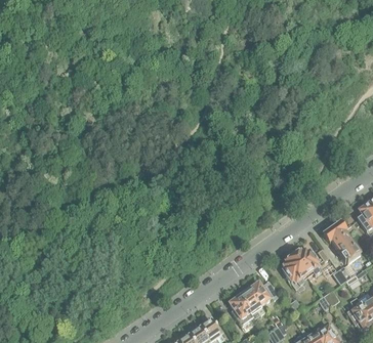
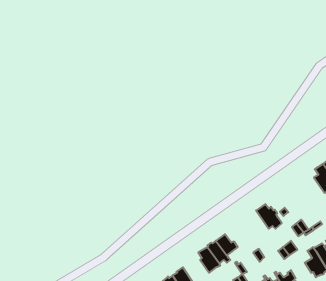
building: [324,221,361,264] -> none
building: [282,255,307,290] -> none

